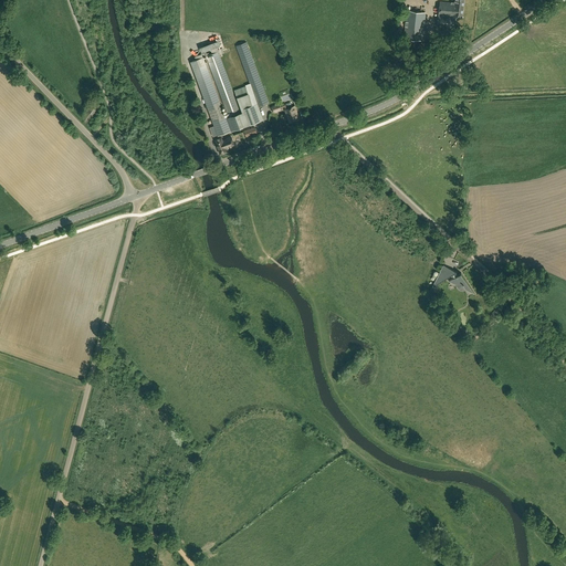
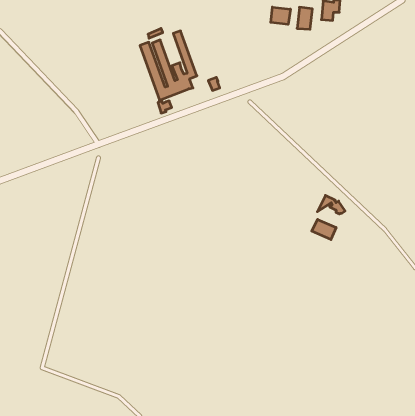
building: none -> [271,7,290,24]
building: none -> [312,219,336,240]

